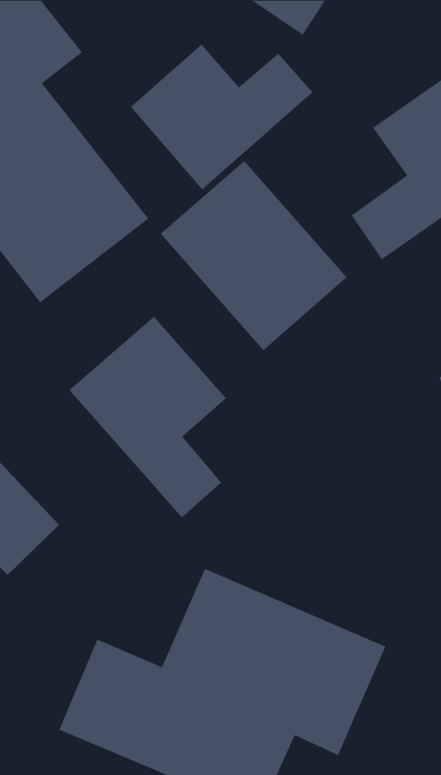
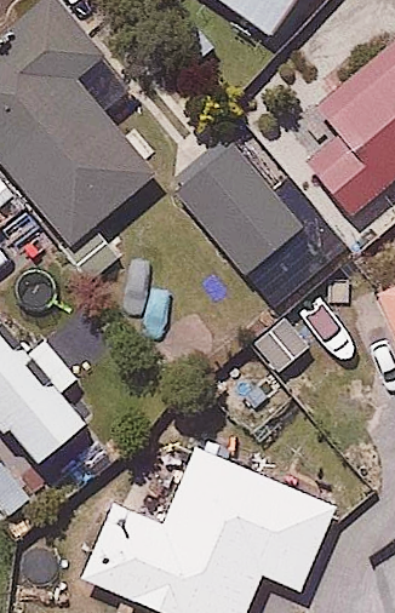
building: [130,44,313,190] -> none
building: [68,316,227,518] -> none

